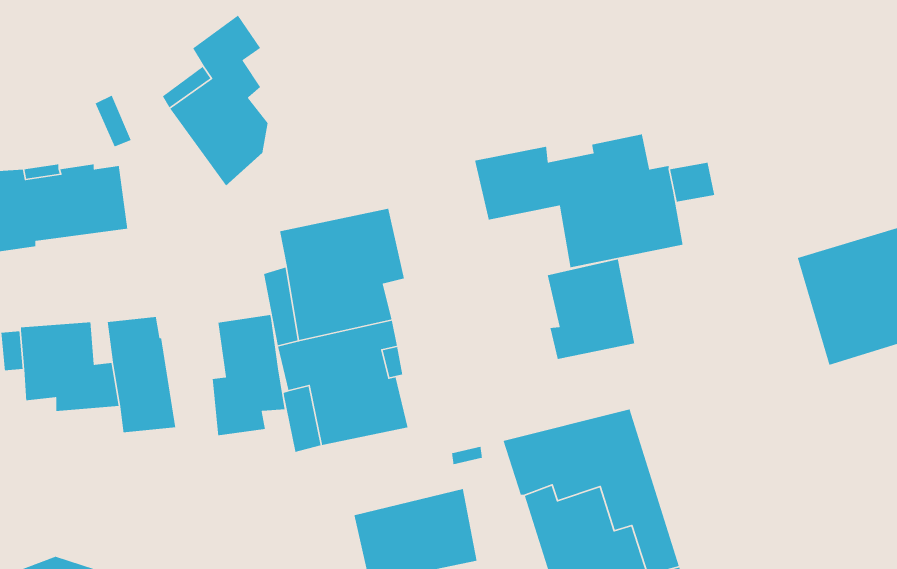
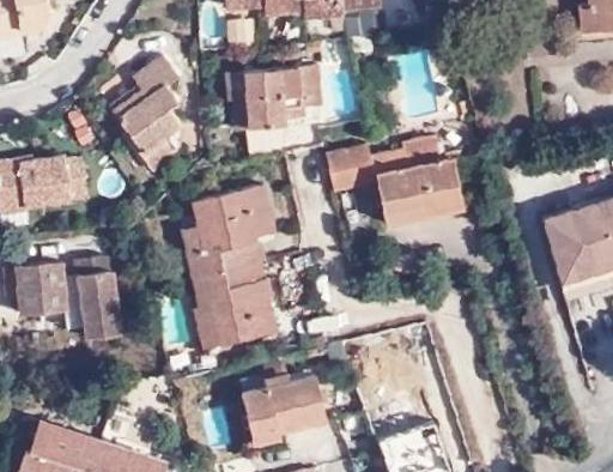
building: none -> [226,67,323,131]
building: [547,258,635,360] -> none
building: [212,314,285,436] -> none

